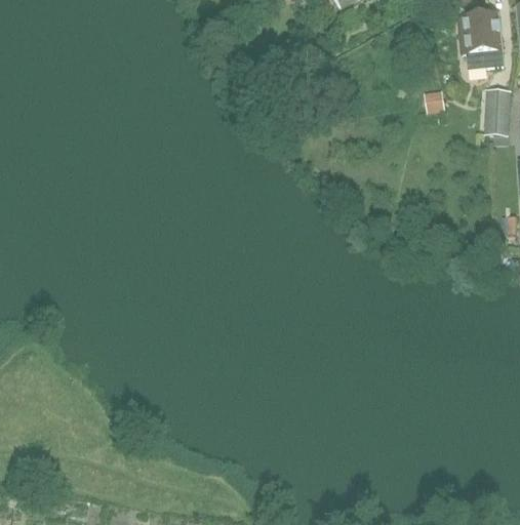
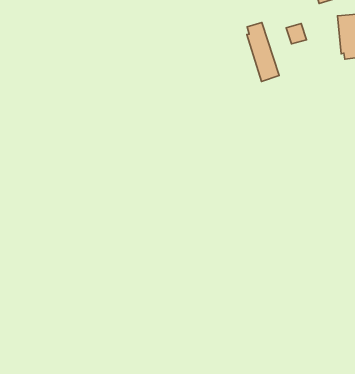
building: none -> [247,23,279,81]

